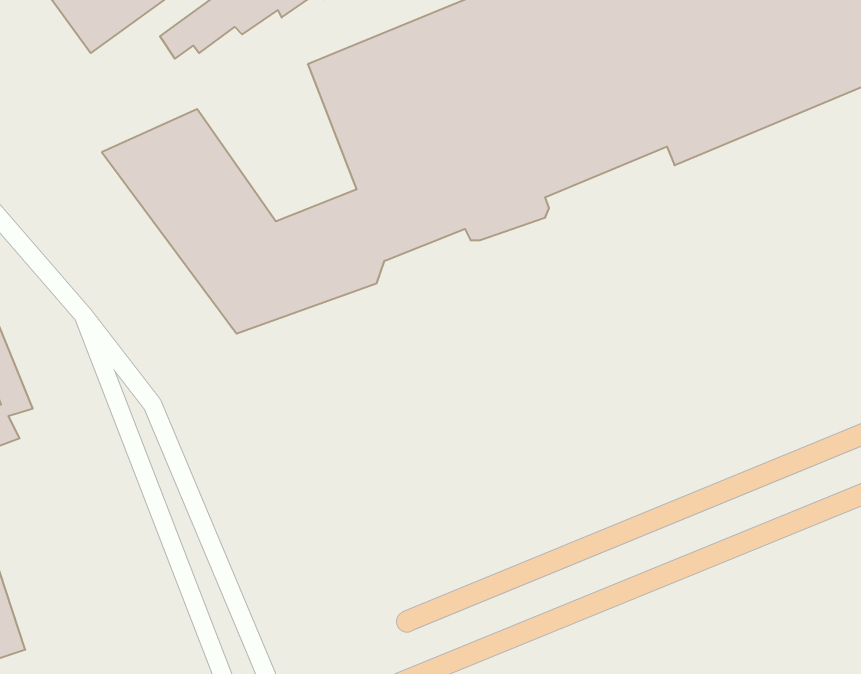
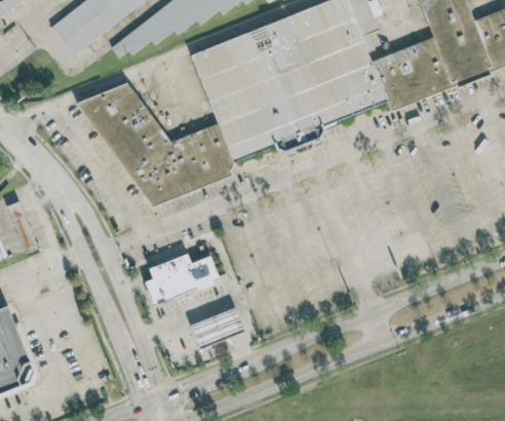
building: none -> [145,252,219,300]
building: none -> [189,304,244,345]

